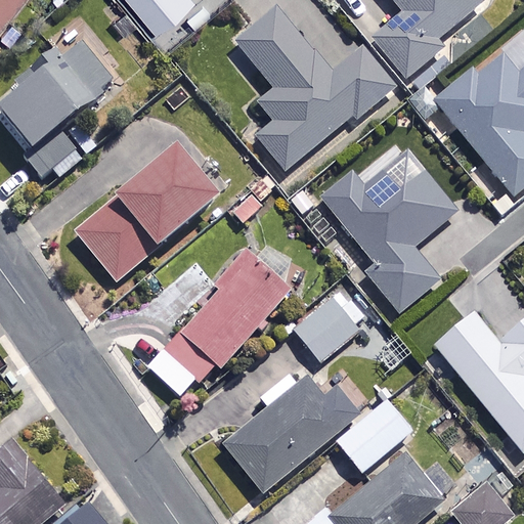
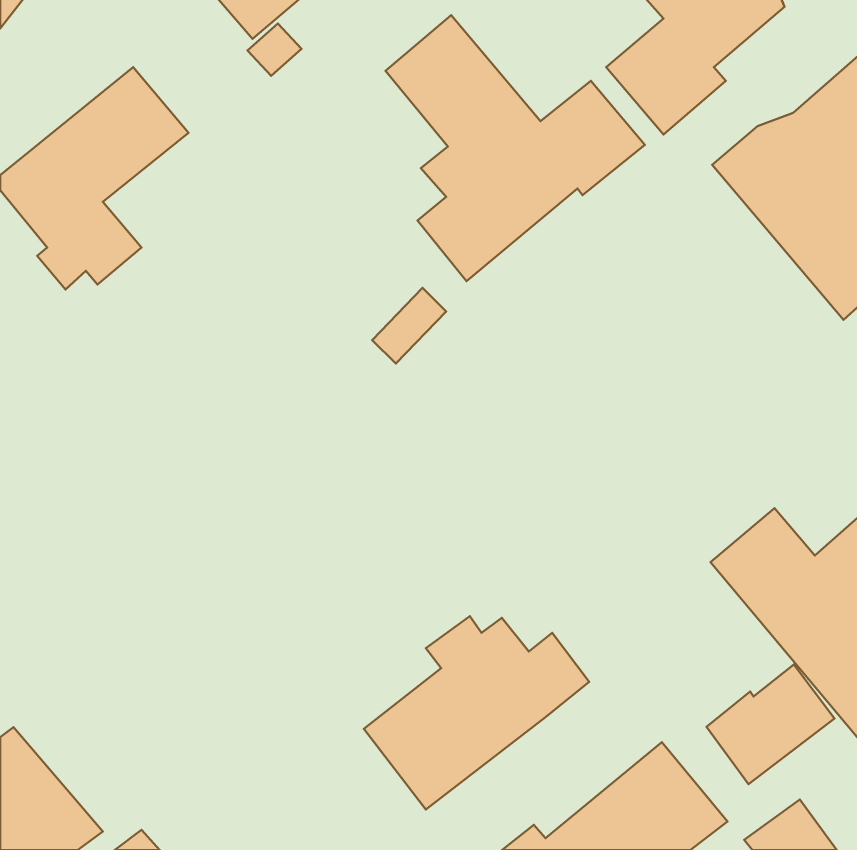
building: [75,146,215,281] -> none
building: [319,152,455,312] -> none
building: [146,252,287,396] -> none
building: [292,289,366,360] -> none
building: [334,398,411,471] -> [706,665,834,784]

